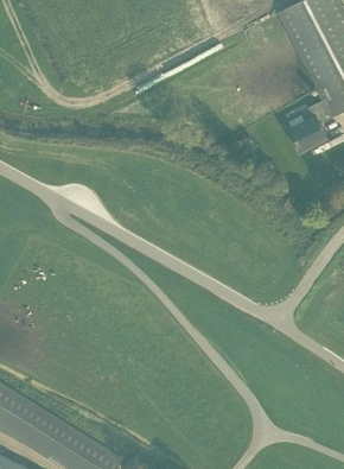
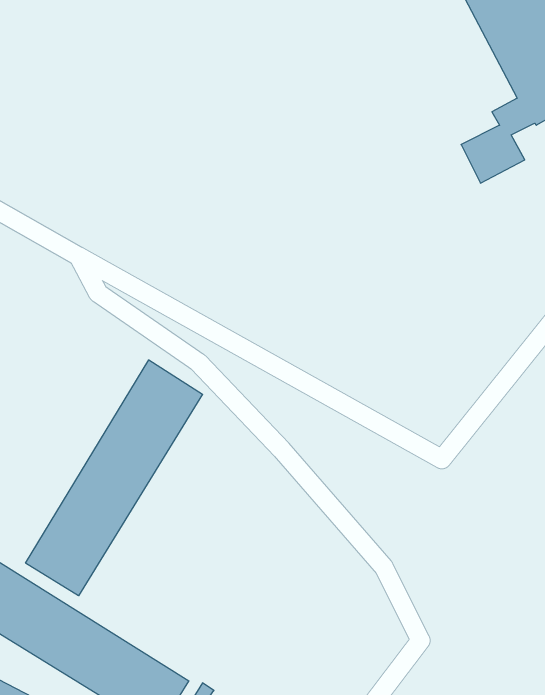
building: none -> [26,360,203,596]

